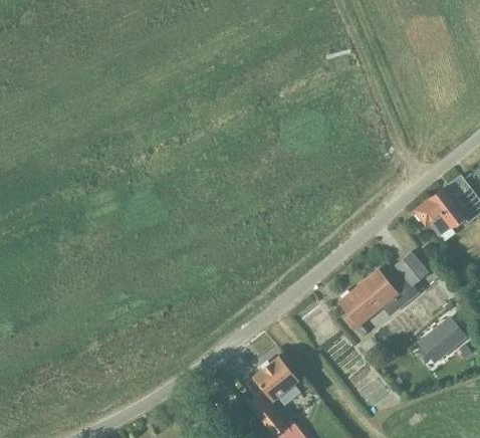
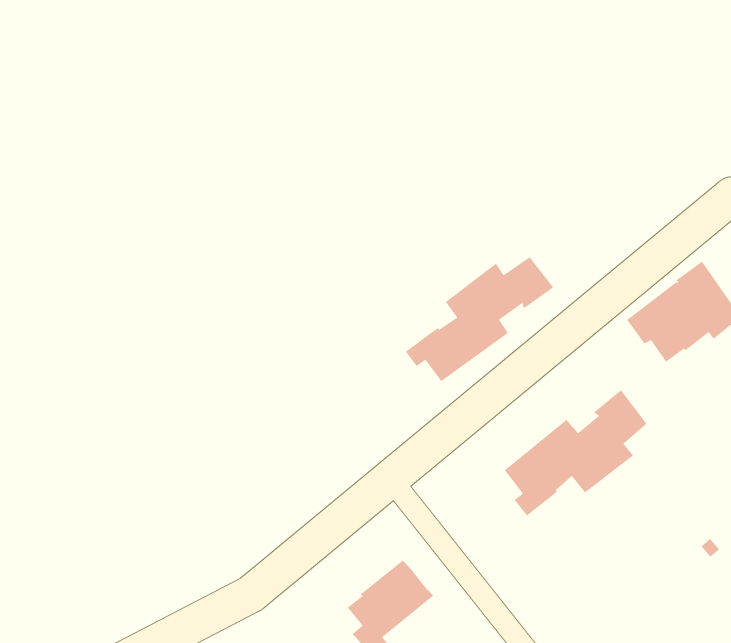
building: none -> [405,256,554,382]
building: [421,319,462,358] -> none

